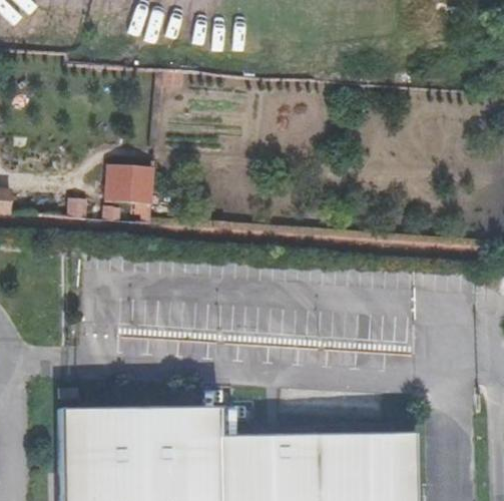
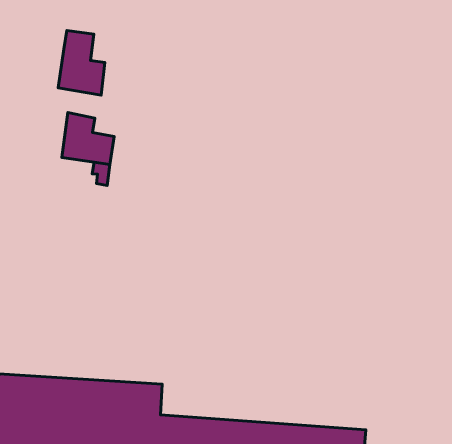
building: none -> [58,30,105,95]

